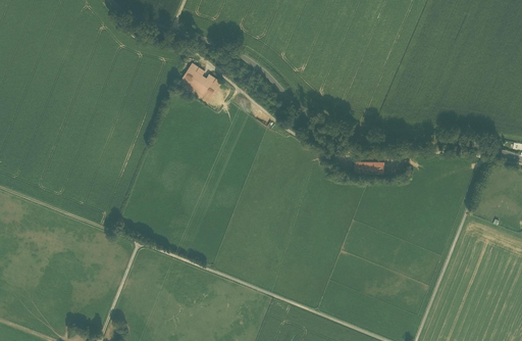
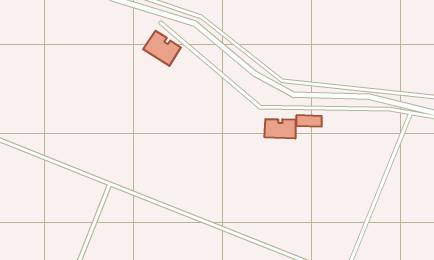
building: none -> [265,119,296,139]

